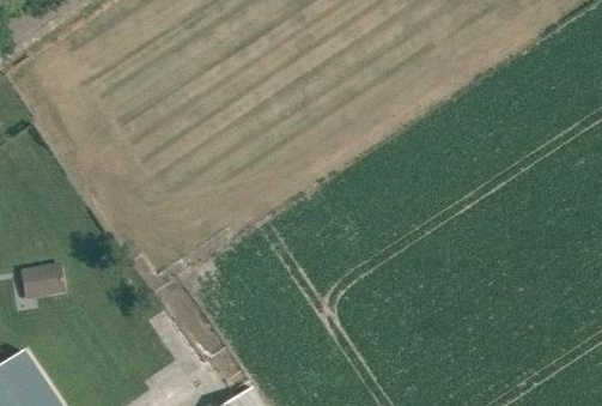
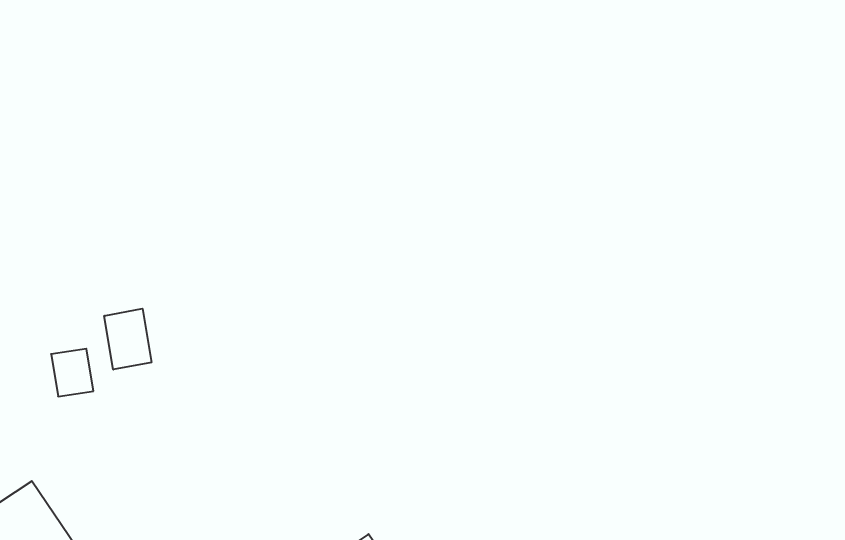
building: none -> [104,309,151,370]

